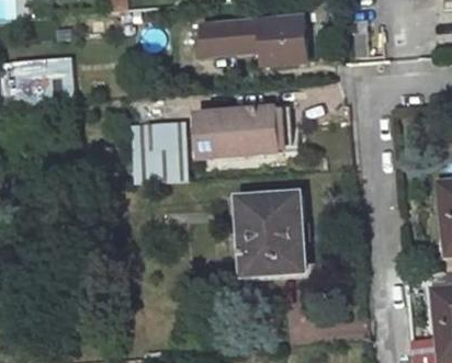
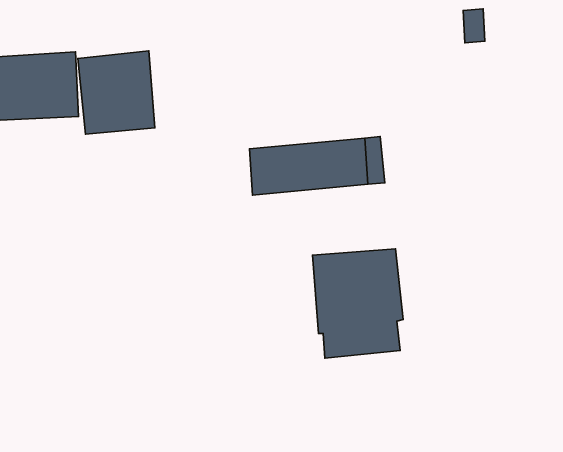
building: [210,27,315,71] -> none
building: [134,118,189,178] -> [78,51,155,134]

